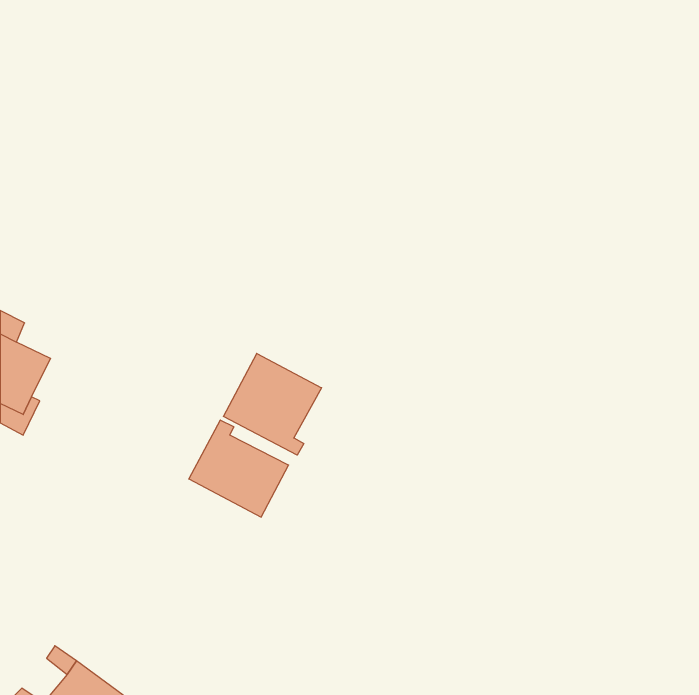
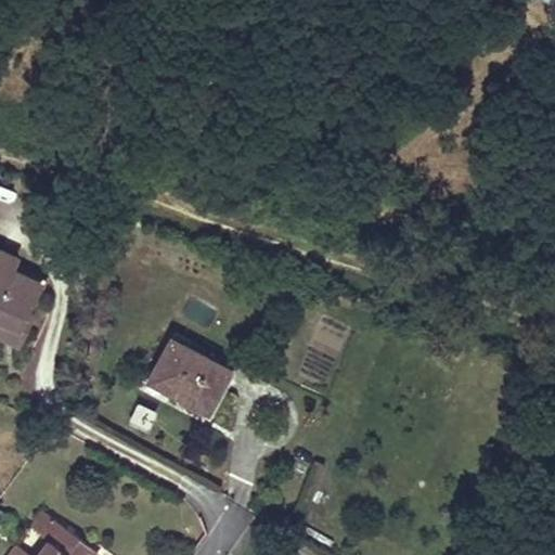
building: [223,353,322,455] -> none

